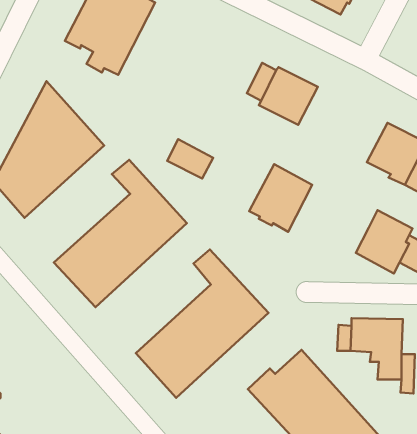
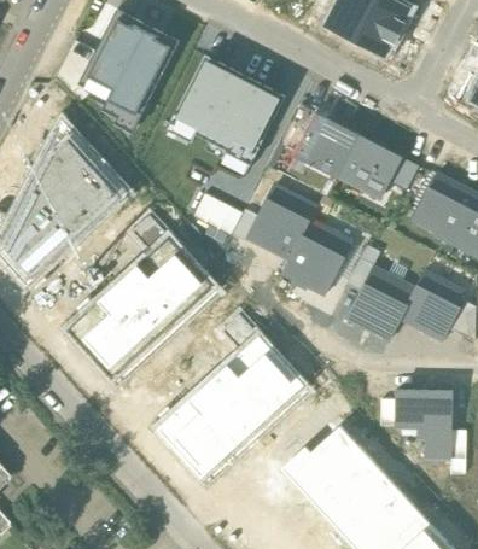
building: none -> [170,54,286,163]
building: none -> [337,134,403,199]
building: none -> [247,185,316,258]
building: none -> [346,267,415,338]

